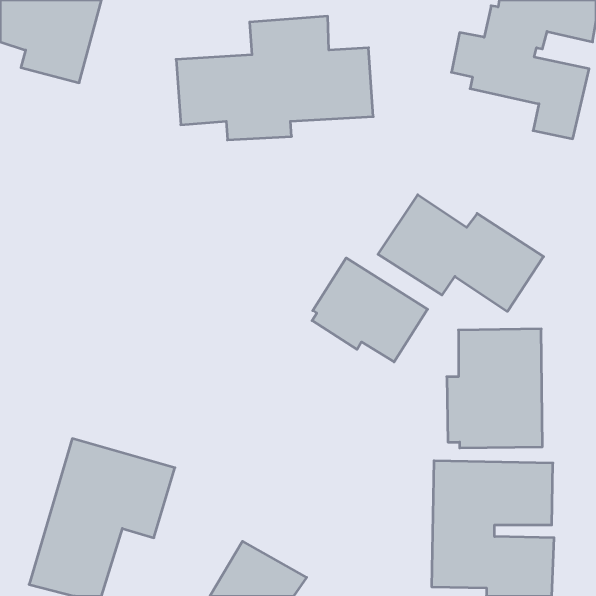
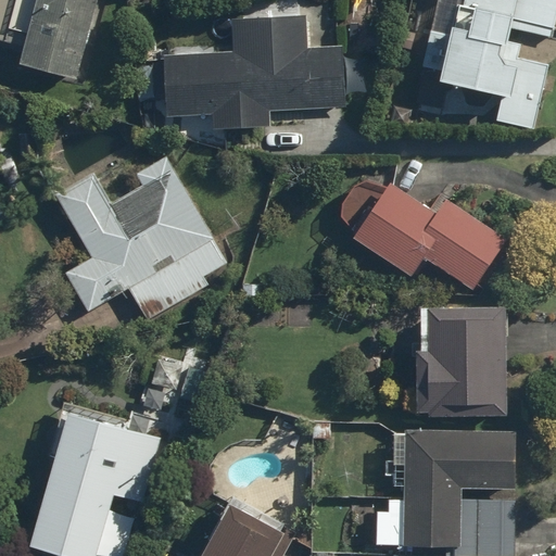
building: none -> [52,155,227,317]
building: [312,258,428,362] -> none

